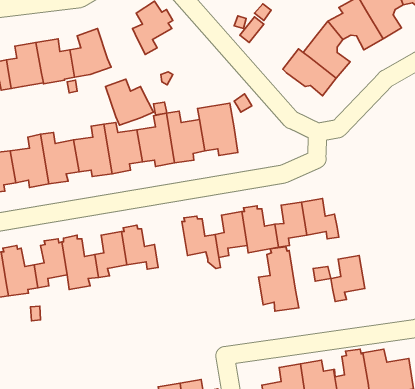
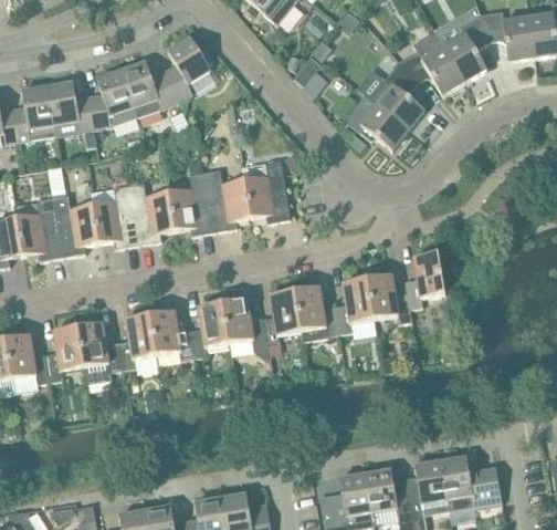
building: [106,79,153,125] -> [122,61,179,116]
building: none -> [190,299,230,357]
building: [259,247,299,311] -> none
building: [331,256,365,301] -> [404,253,445,309]

